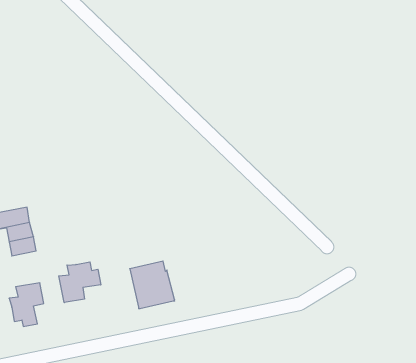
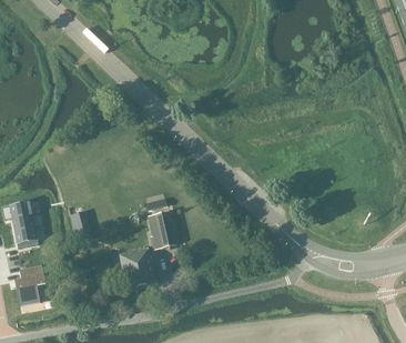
building: none -> [149,210,176,248]
building: [59,262,101,303] -> none

